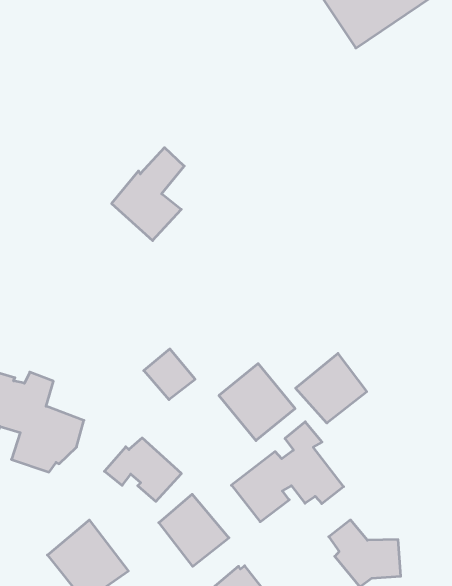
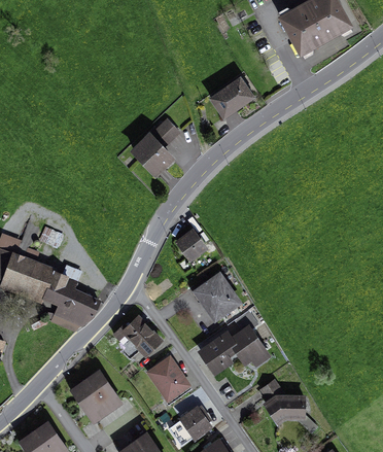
building: none -> [208,80,254,125]
building: [144,349,195,400] -> [174,228,208,262]
building: [296,353,367,423] -> none

